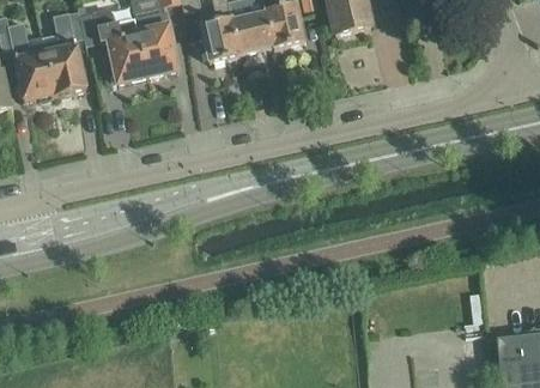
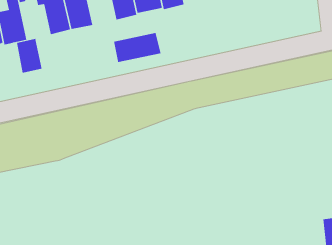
building: none -> [113,32,161,63]
building: none -> [14,38,44,74]

